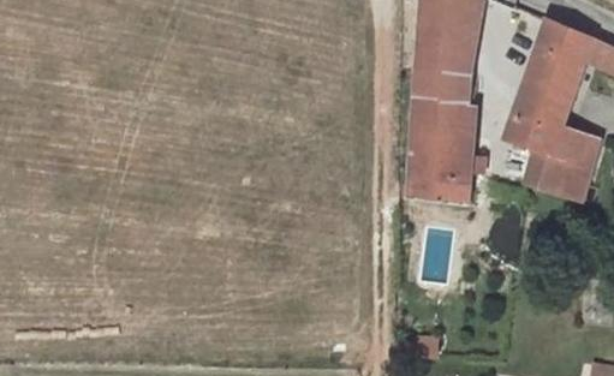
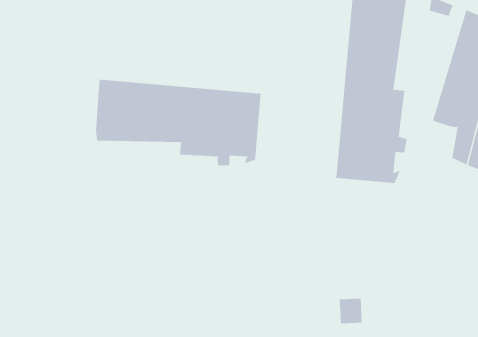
building: none -> [96,79,261,166]

